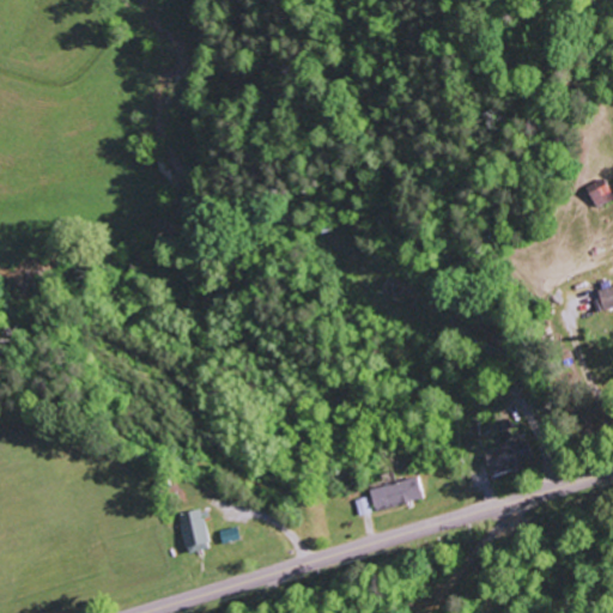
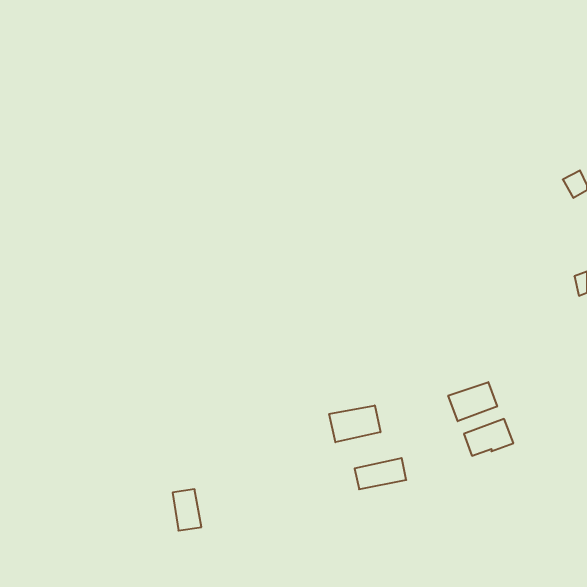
building: none -> [448,382,497,421]
building: none -> [329,405,380,442]

